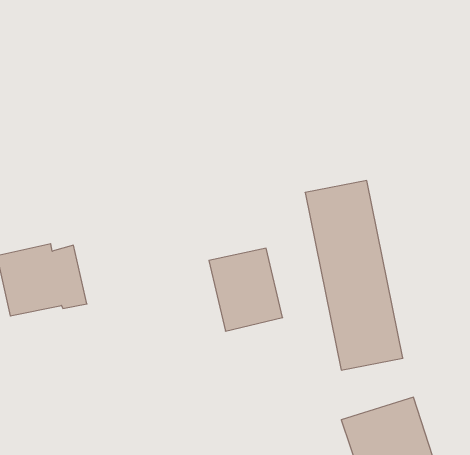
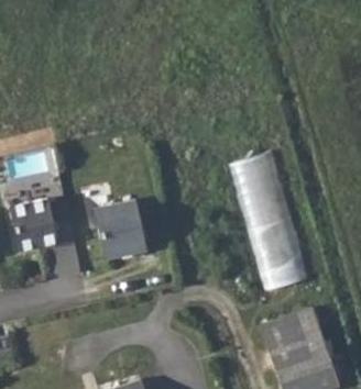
building: [209,248,283,331] -> [91,200,145,260]

